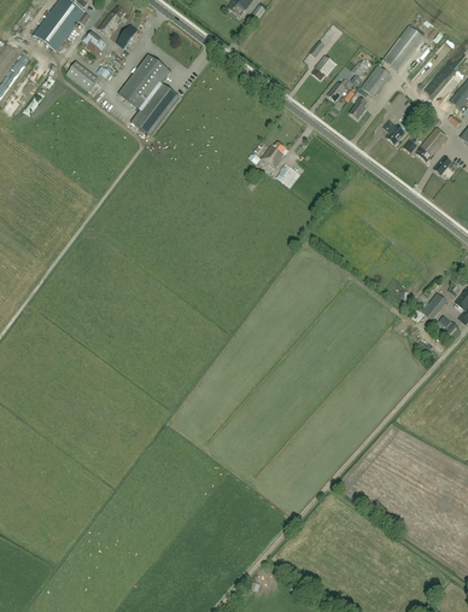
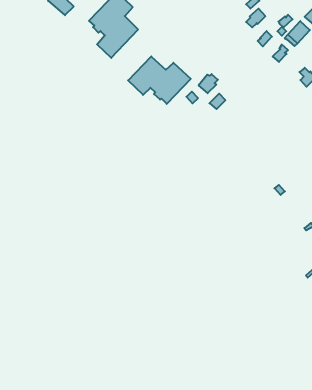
building: none -> [128,56,191,104]

